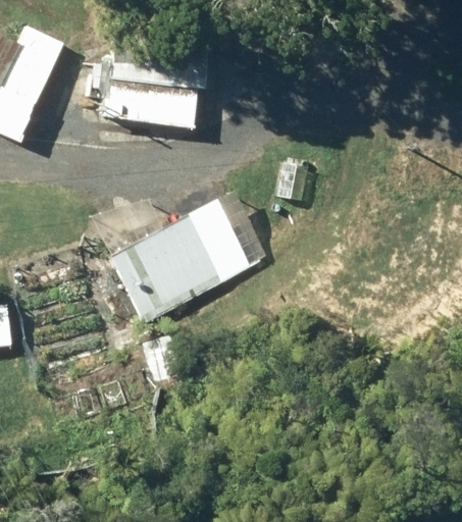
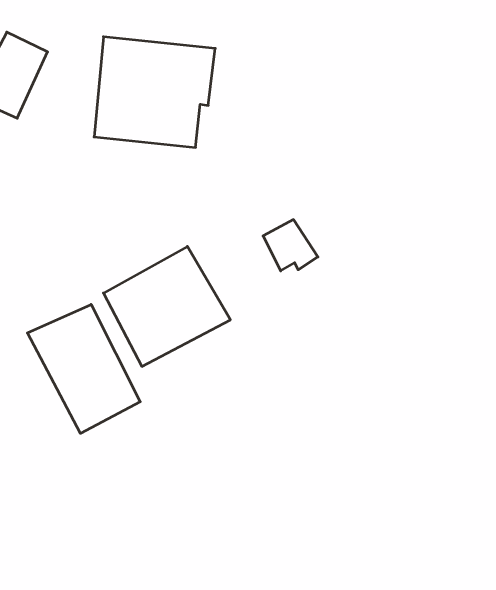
building: none -> [27,304,140,433]

